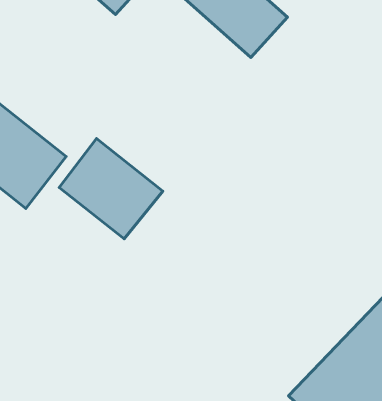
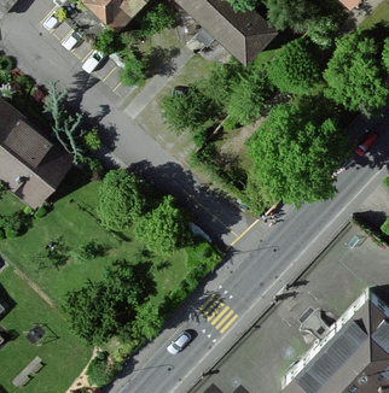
building: [59,139,163,239] -> none

